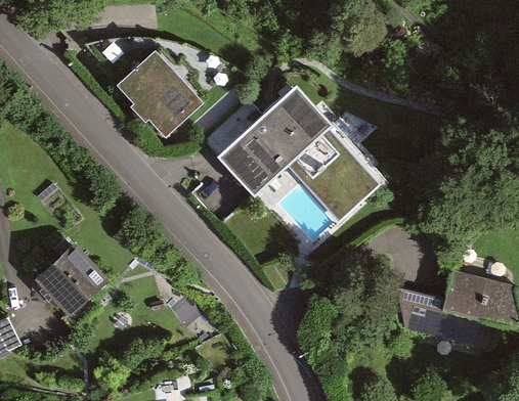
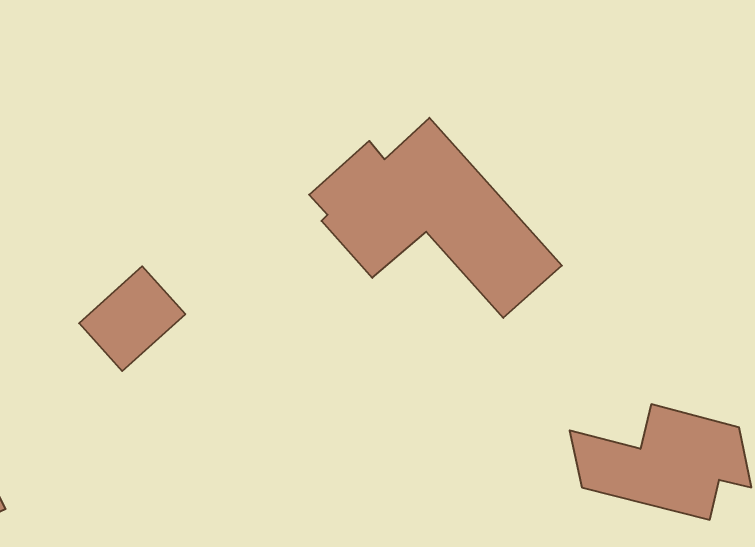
building: [119,47,206,135] -> none
building: [31,240,101,310] -> [79,266,185,371]

